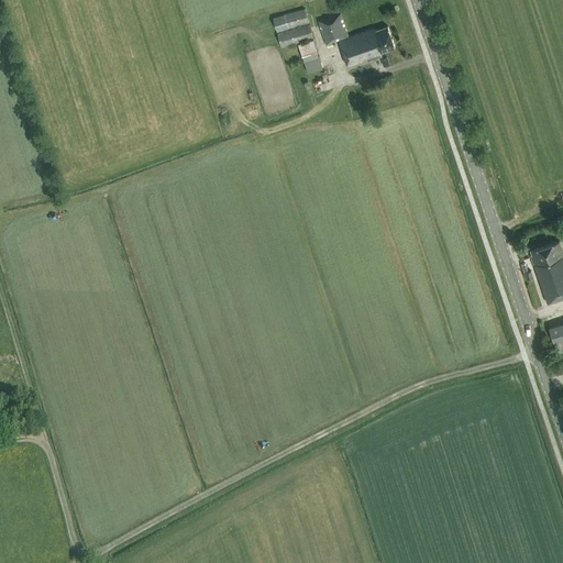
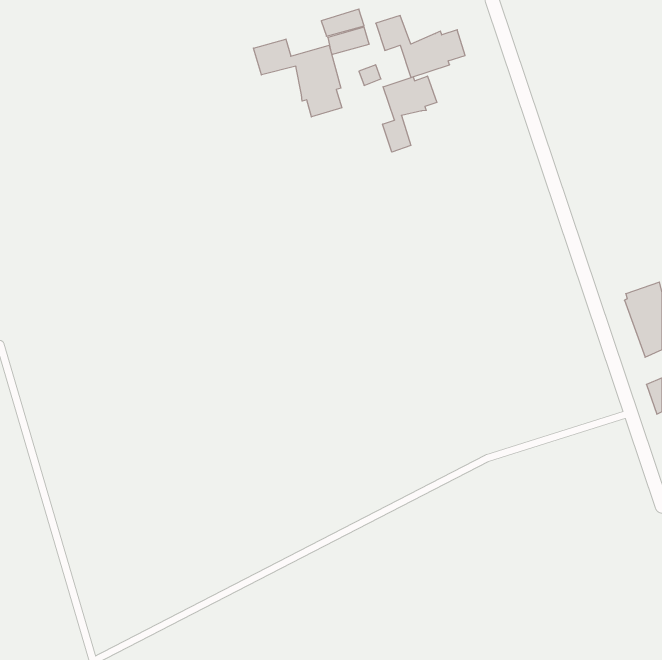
building: none -> [253,39,342,117]
building: none -> [383,76,437,152]

